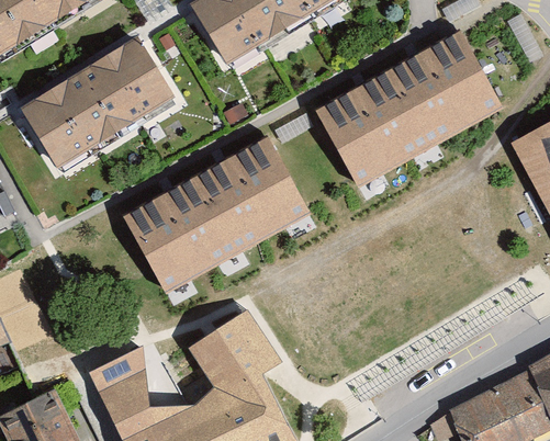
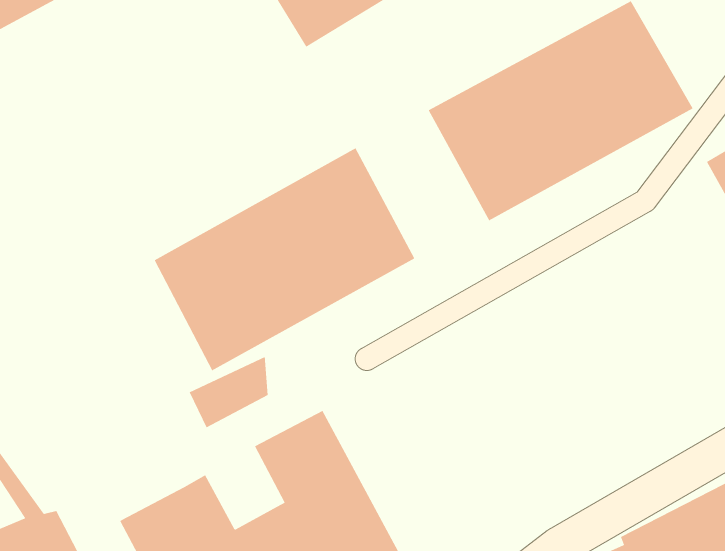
building: [24,36,179,169] -> none
building: [88,346,144,396] -> [189,356,269,428]

